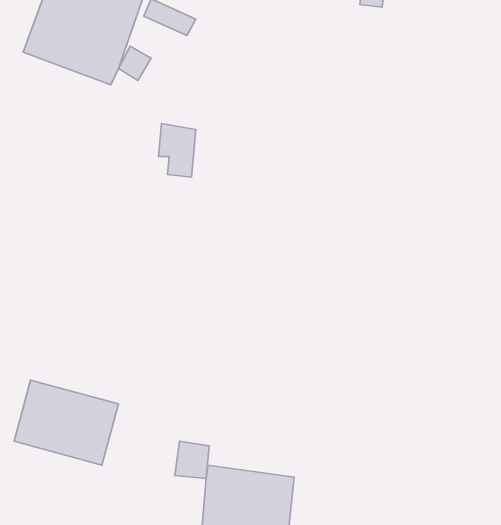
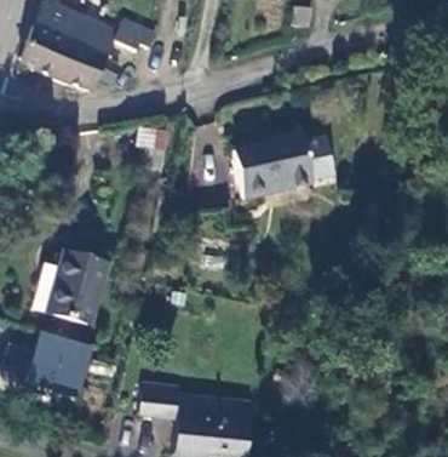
building: none -> [229,135,326,196]
building: none -> [47,255,108,325]

